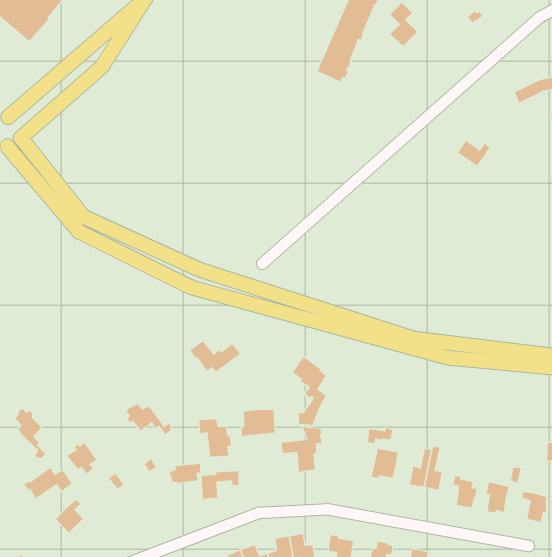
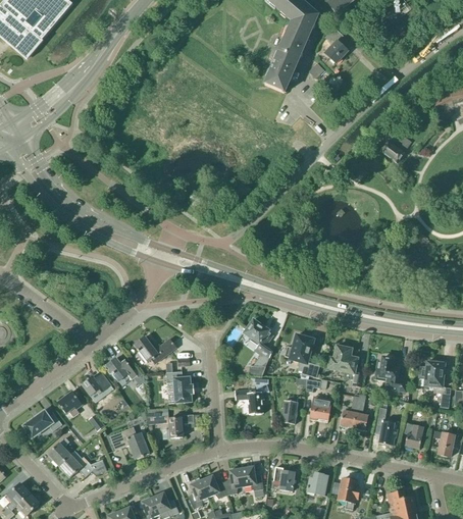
building: [190,341,241,373] -> [134,336,176,363]
building: none -> [285,334,322,377]
building: none -> [328,345,364,387]
building: none -> [375,355,402,391]
building: none -> [418,361,451,408]
building: [15,408,46,459] -> none
building: [241,409,275,436] -> none
building: none -> [82,373,111,397]
building: none -> [281,396,298,424]
building: none -> [109,426,149,459]
building: none -> [59,451,107,477]

